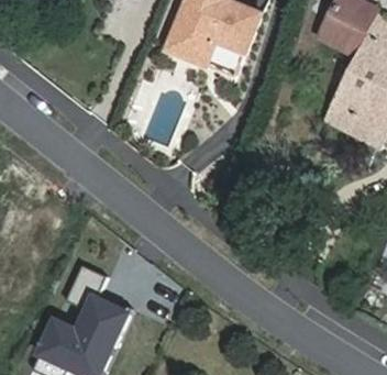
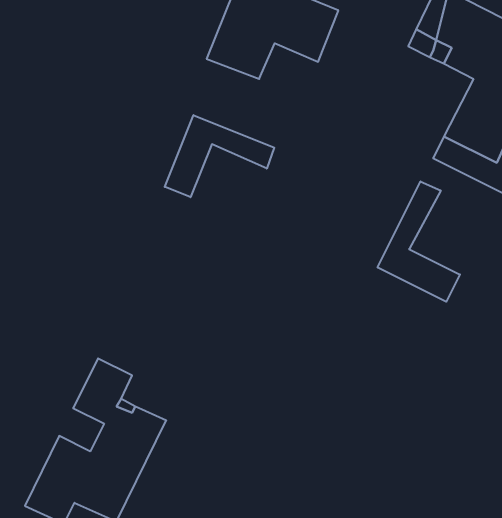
building: none -> [165,115,274,197]
building: none -> [378,181,460,302]

